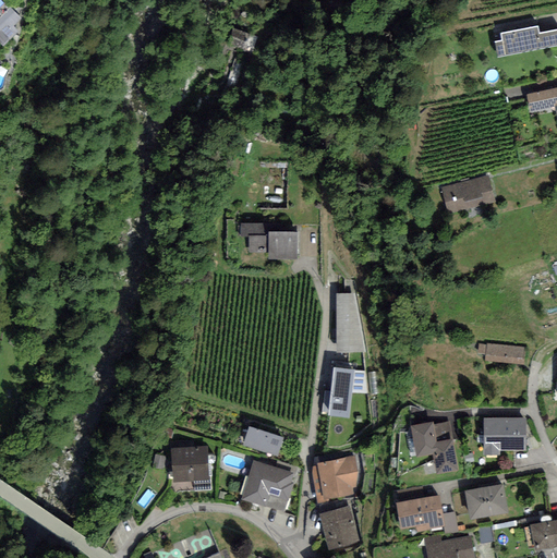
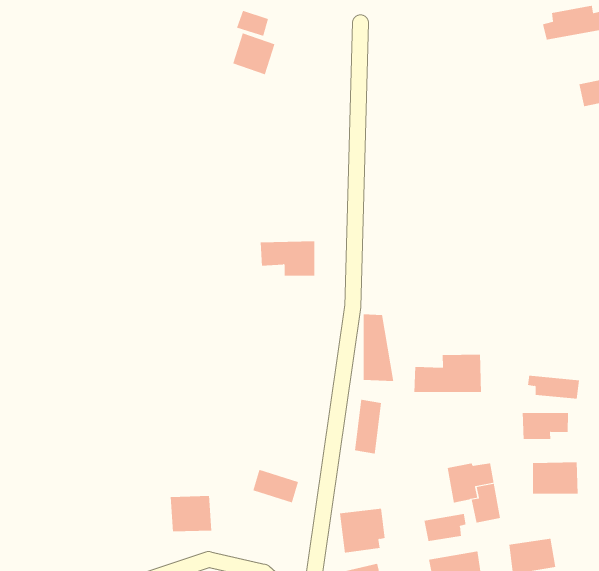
building: none -> [232,32,275,75]
building: [441,173,496,210] -> none
building: none -> [414,354,482,393]
building: none -> [522,412,569,440]
building: [244,463,293,506] -> none
building: none -> [424,513,466,542]

